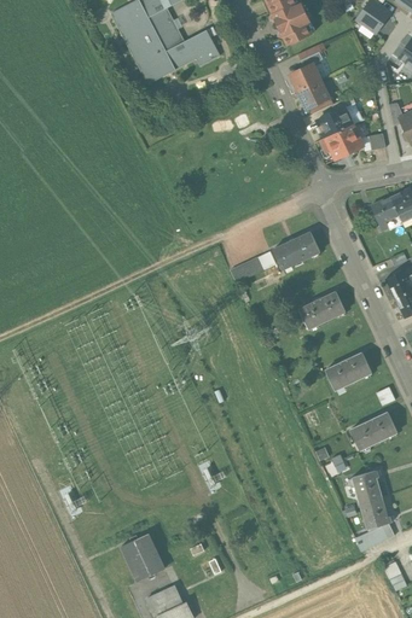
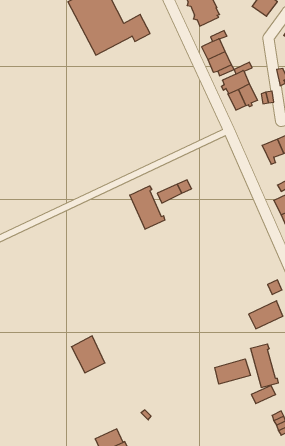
building: [273,232,320,269] -> none
building: none -> [130,186,165,229]
building: [298,291,346,328] -> none
building: [325,352,372,391] -> none
building: none -> [215,359,251,384]
building: [115,535,159,584] -> [71,336,105,373]

